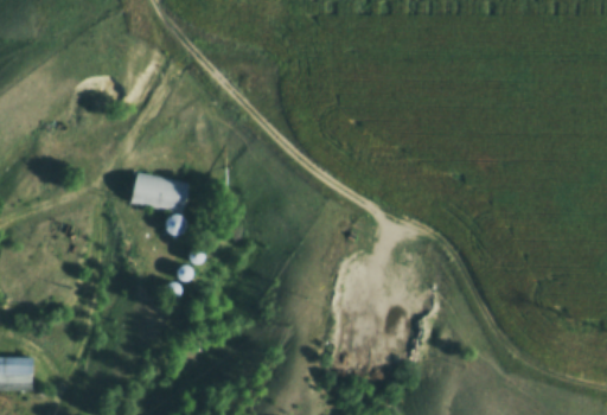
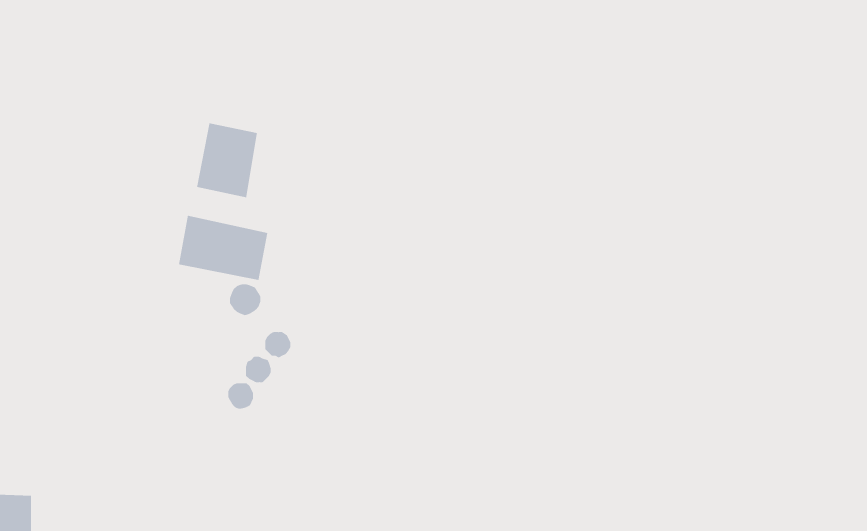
building: none -> [197,123,258,198]

